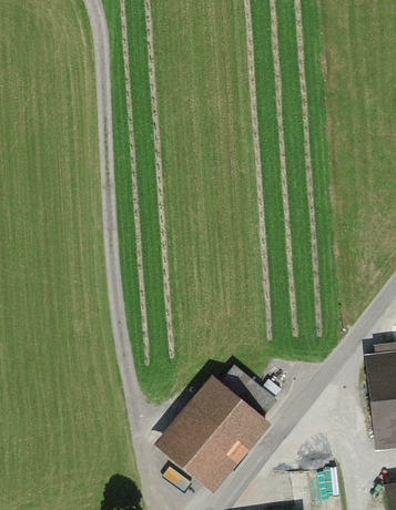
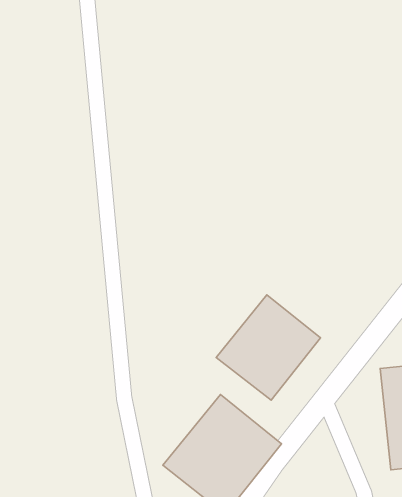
building: none -> [216,295,321,400]

